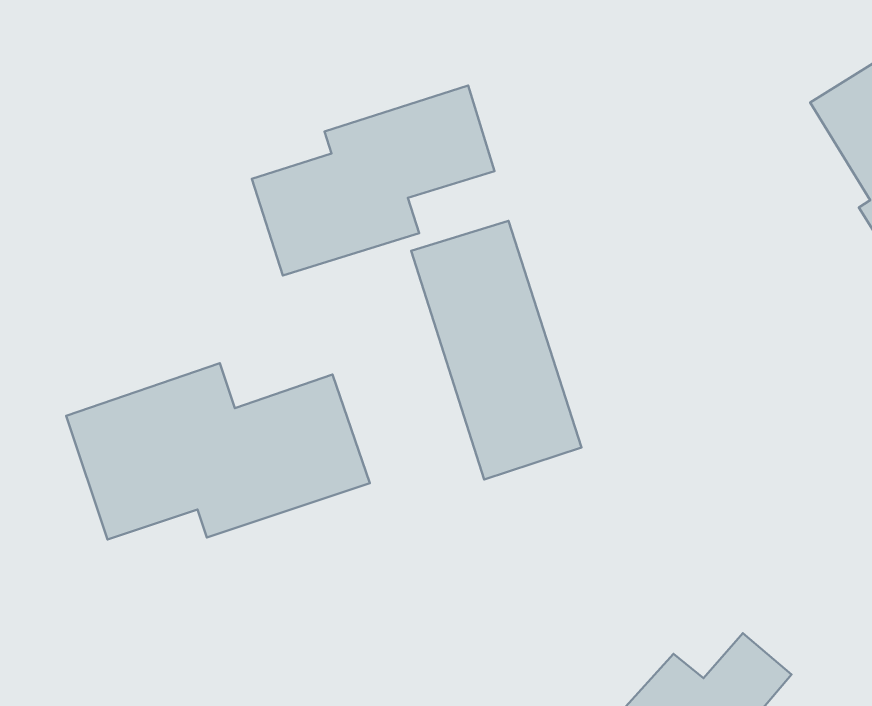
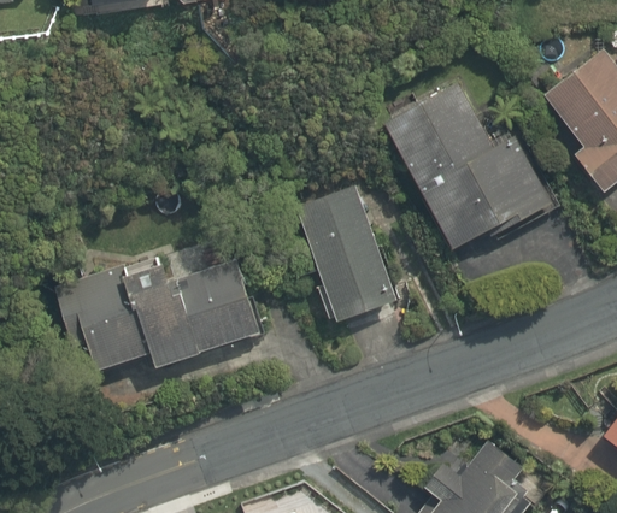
building: none -> [382,70,557,260]
building: [252,86,494,276] -> none

